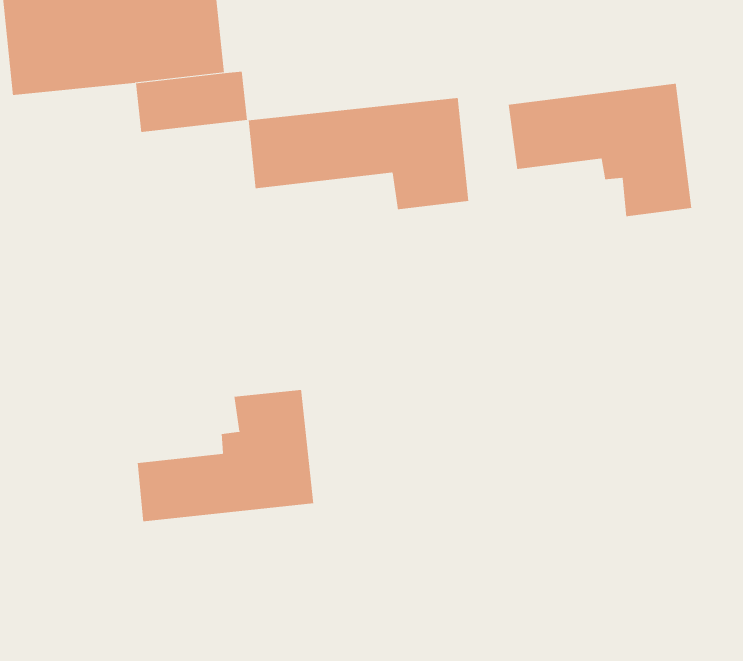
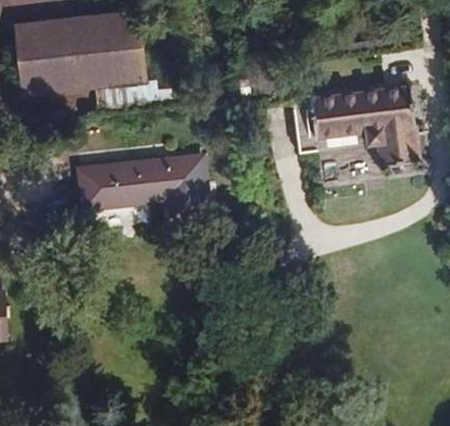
building: [248,97,469,210] -> [77,154,207,220]
building: [137,389,314,522] -> none

